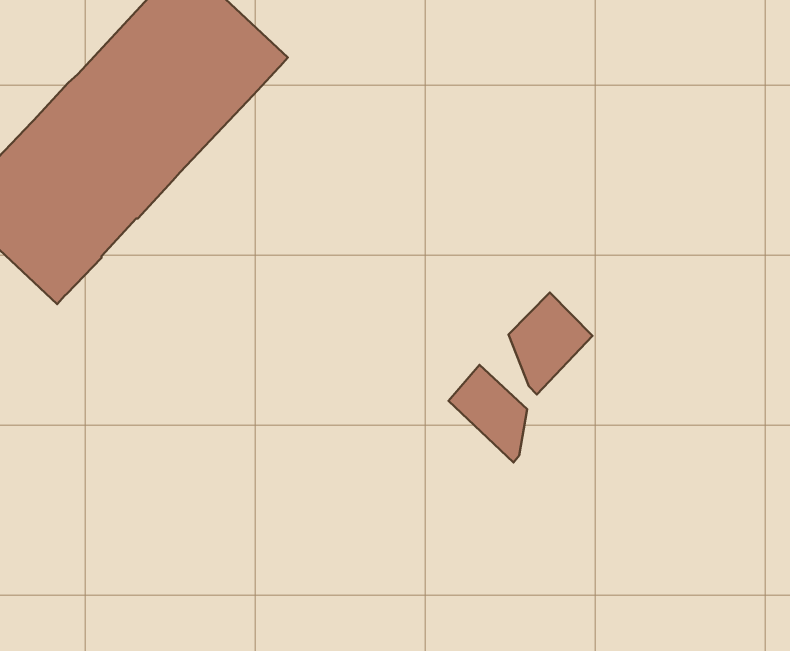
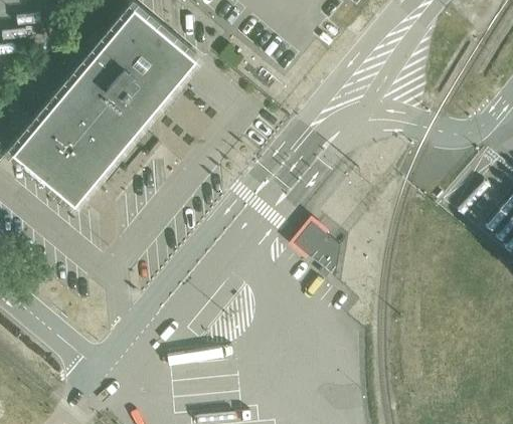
building: [509,292,593,395] -> none

